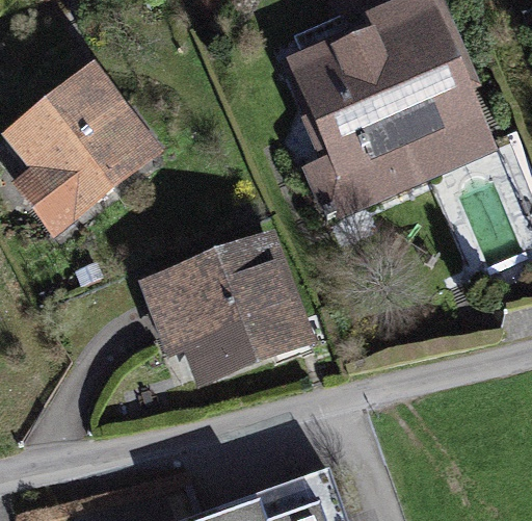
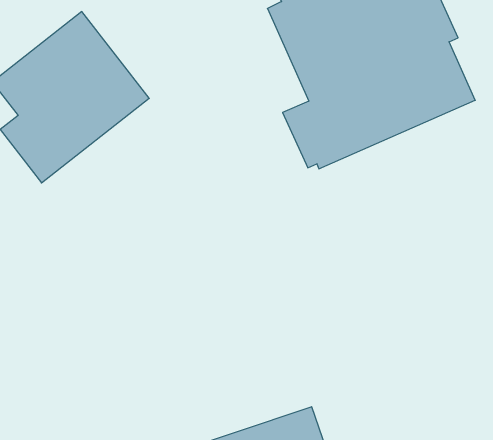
building: [136,229,316,387] -> none

